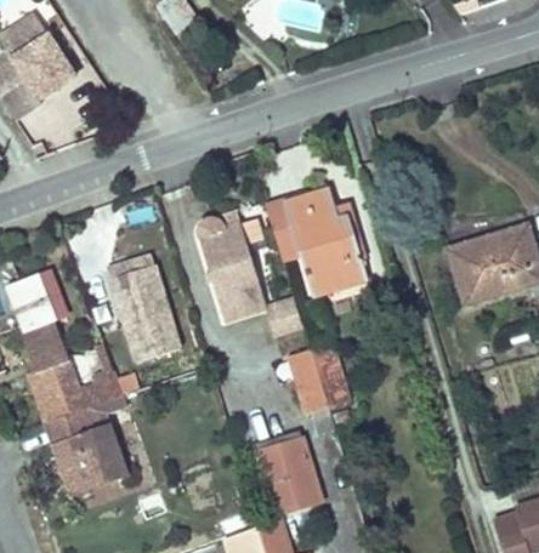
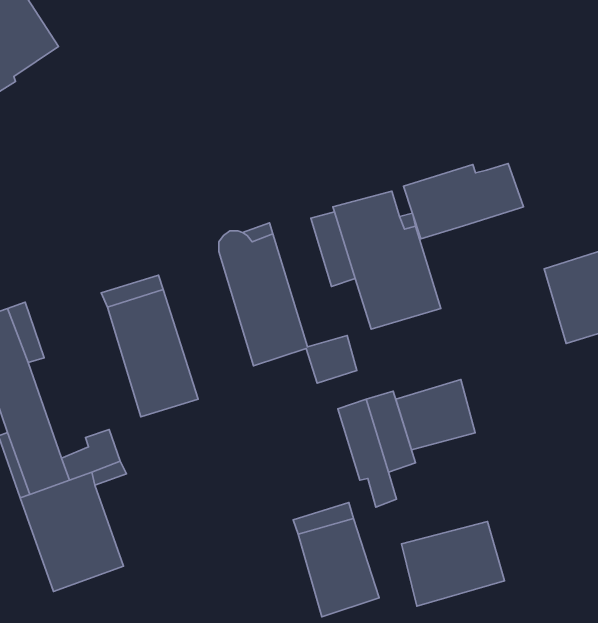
building: none -> [403,163,524,239]
building: none -> [396,379,475,450]
building: none -> [402,522,505,606]

